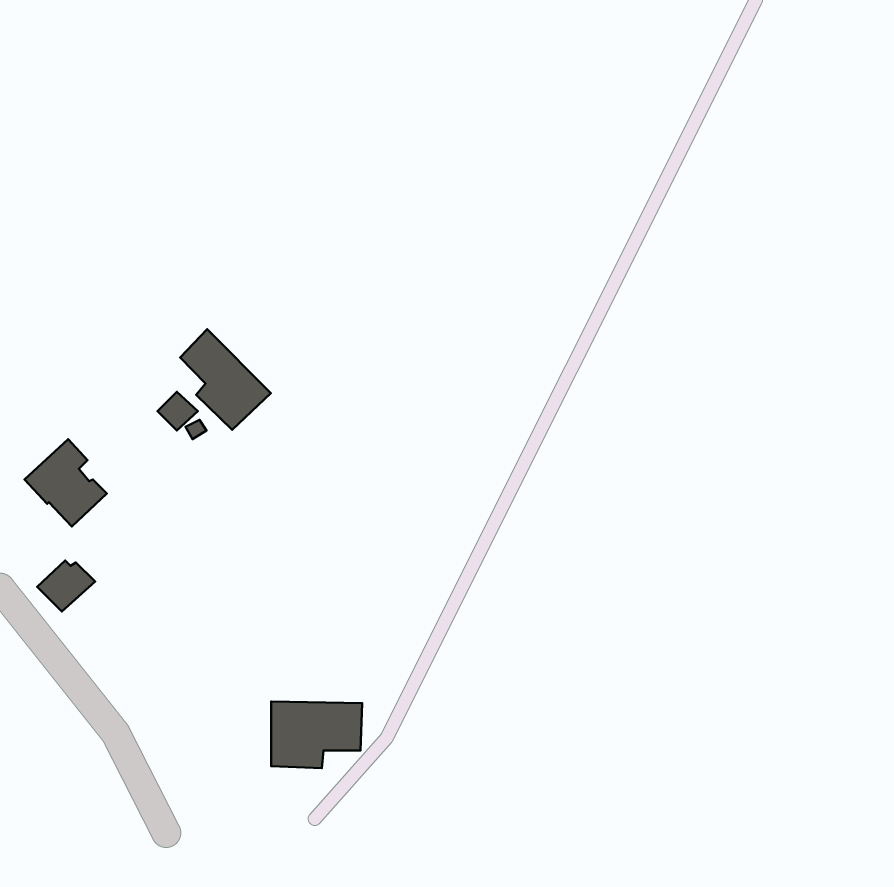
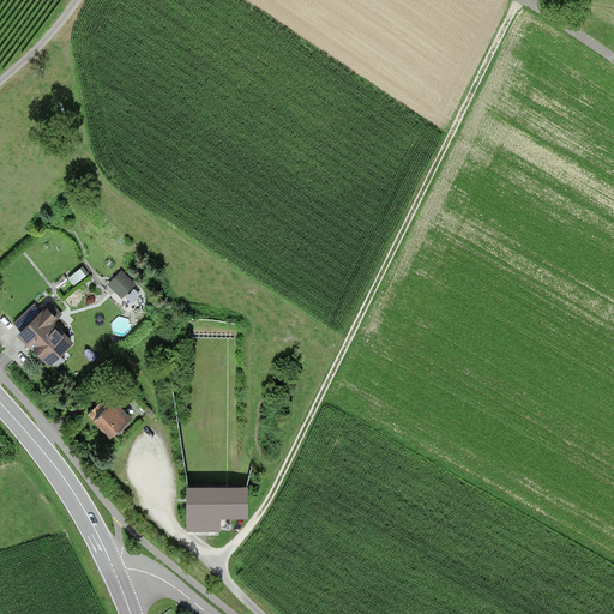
building: [180,329,271,430] -> none
building: [37,561,95,611] -> [92,404,132,439]

